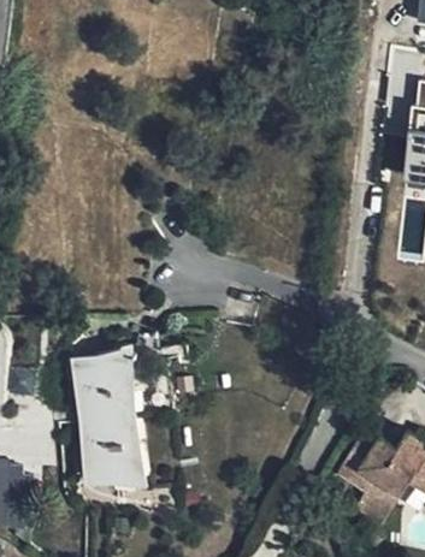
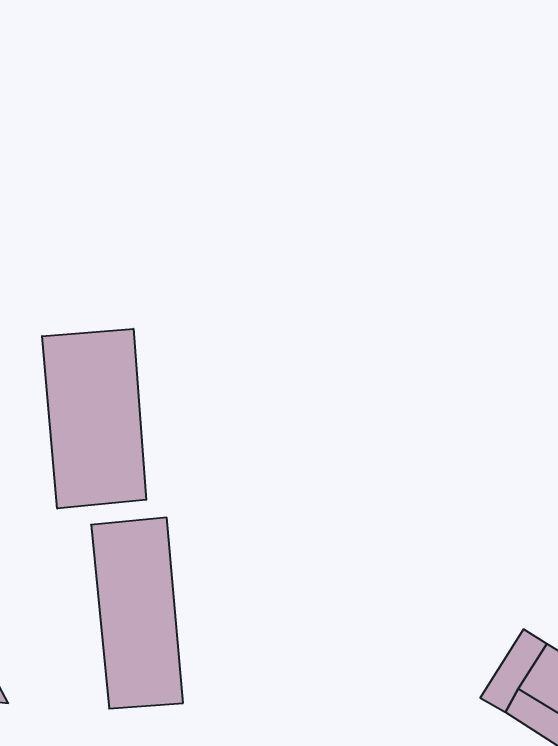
building: none -> [42,329,146,509]

